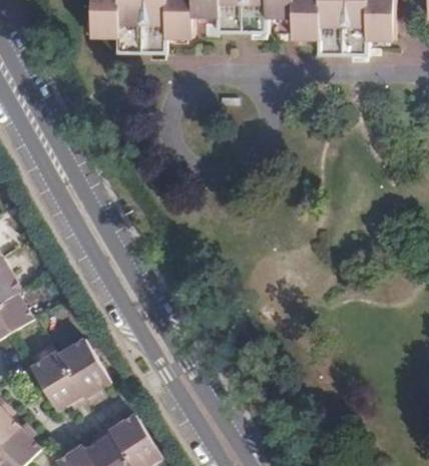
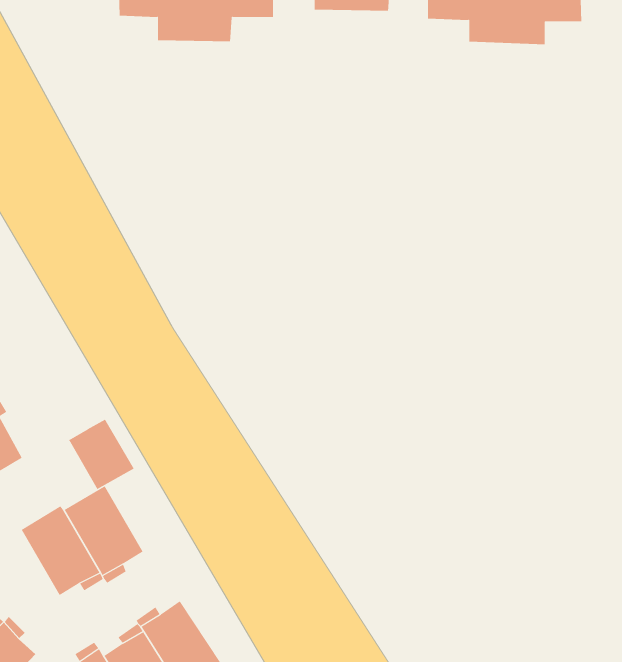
building: none -> [68,419,134,490]

